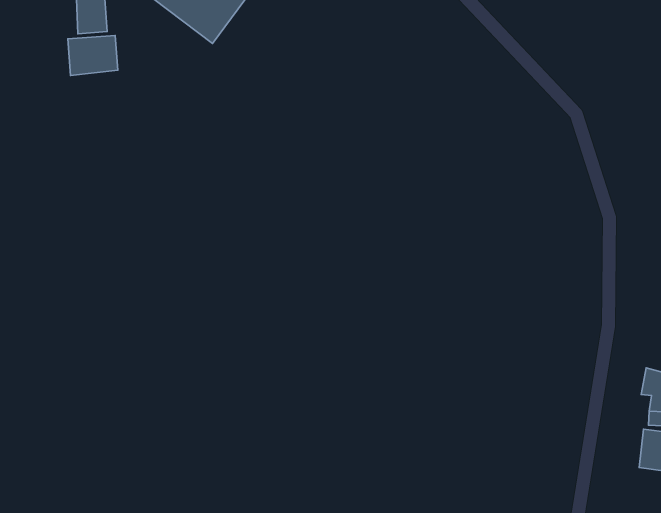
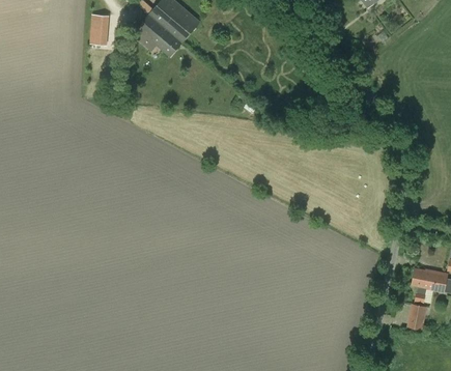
building: [68,35,118,76] -> none

